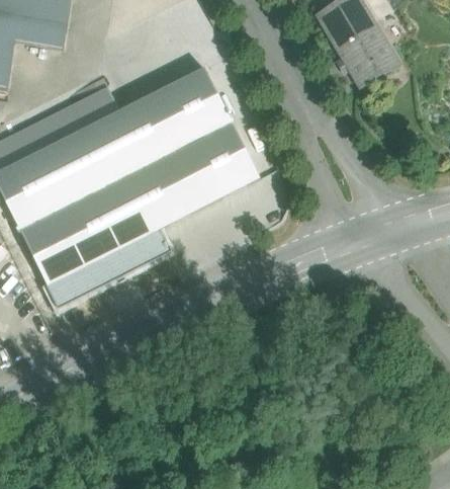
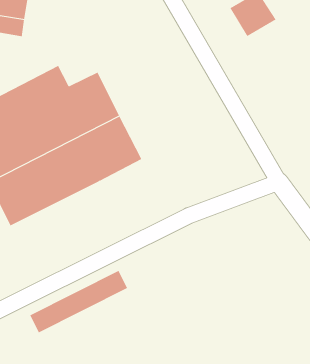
building: [340,27,397,84] -> none
building: [156,67,259,200] -> none
building: [48,228,169,306] -> [29,270,128,333]

